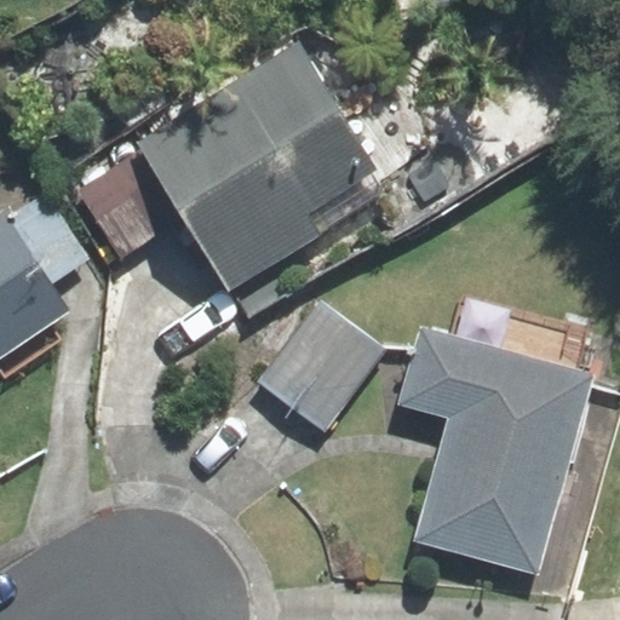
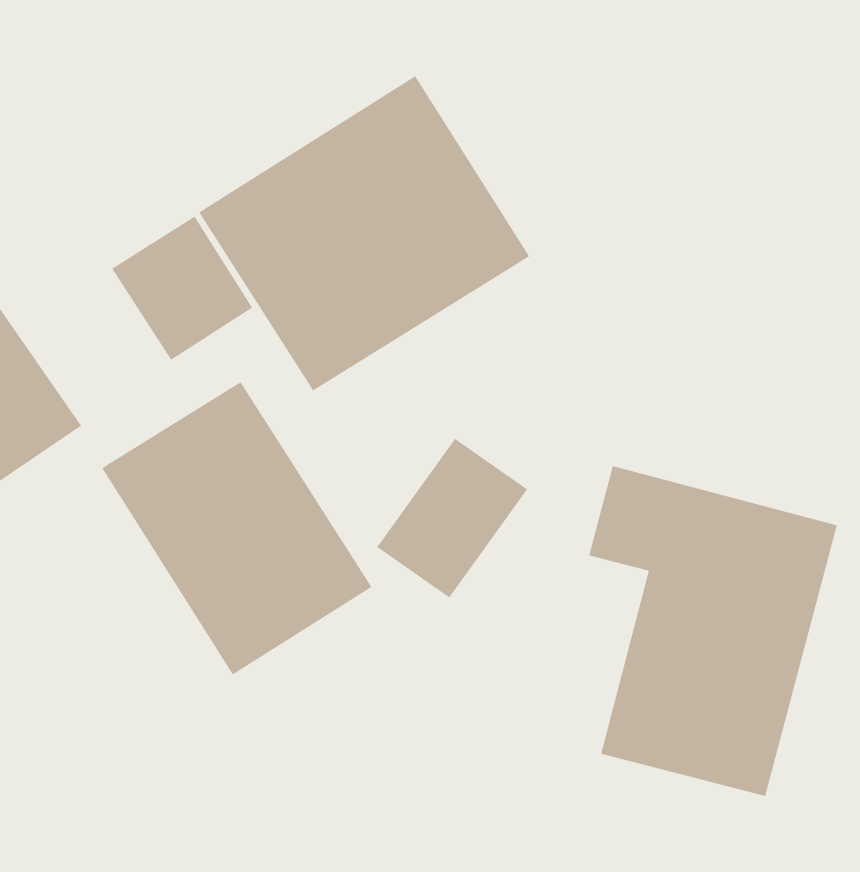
building: none -> [101,381,373,675]

